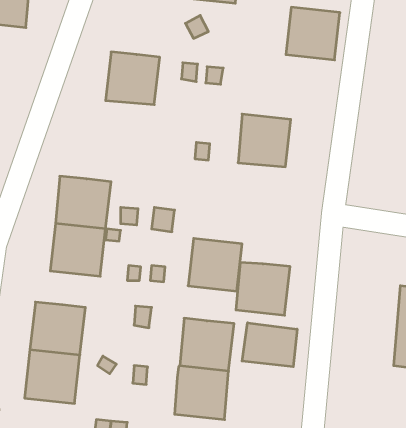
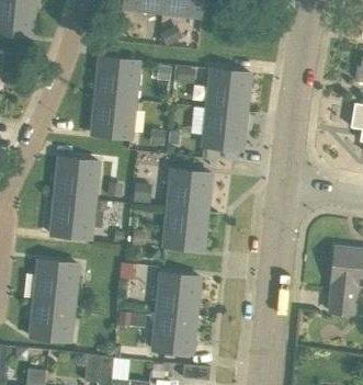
building: [286,7,340,60] -> [206,69,250,112]
building: none -> [91,97,135,139]
building: [236,263,290,315] -> [167,170,211,213]
building: [242,323,297,367] -> none

